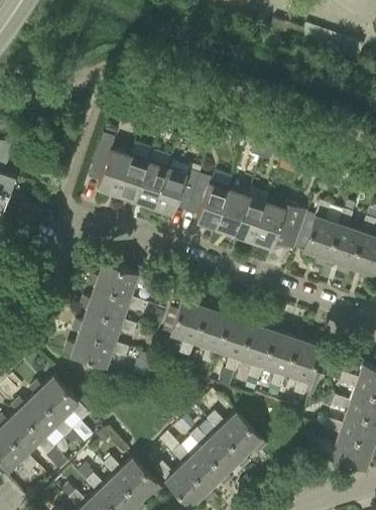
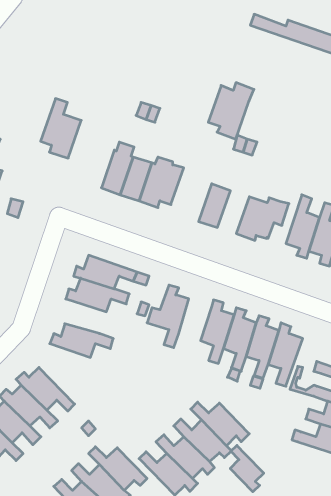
building: [88,135,129,196] -> [41,99,81,158]
building: [186,172,233,230] -> [208,83,254,139]
building: [234,189,269,242] -> none
building: [195,301,228,366] -> none
building: [72,310,136,344] -> none
building: none -> [230,445,264,492]

